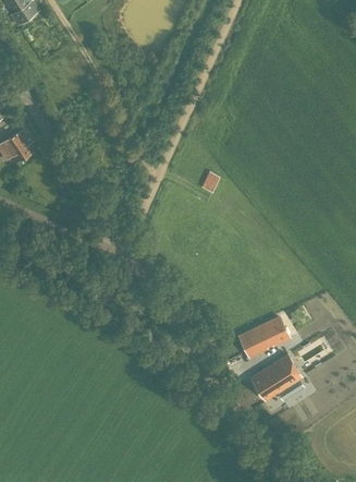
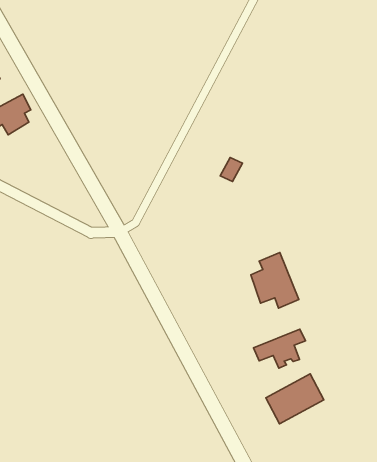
building: none -> [251,253,299,308]

